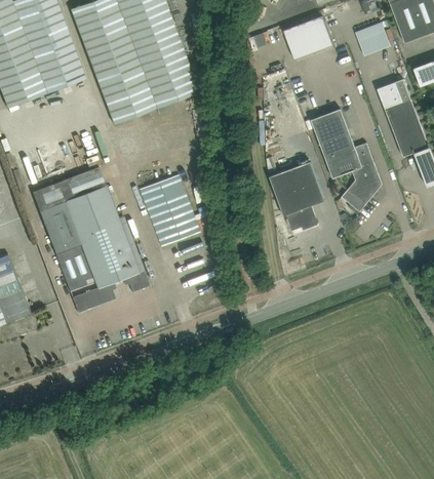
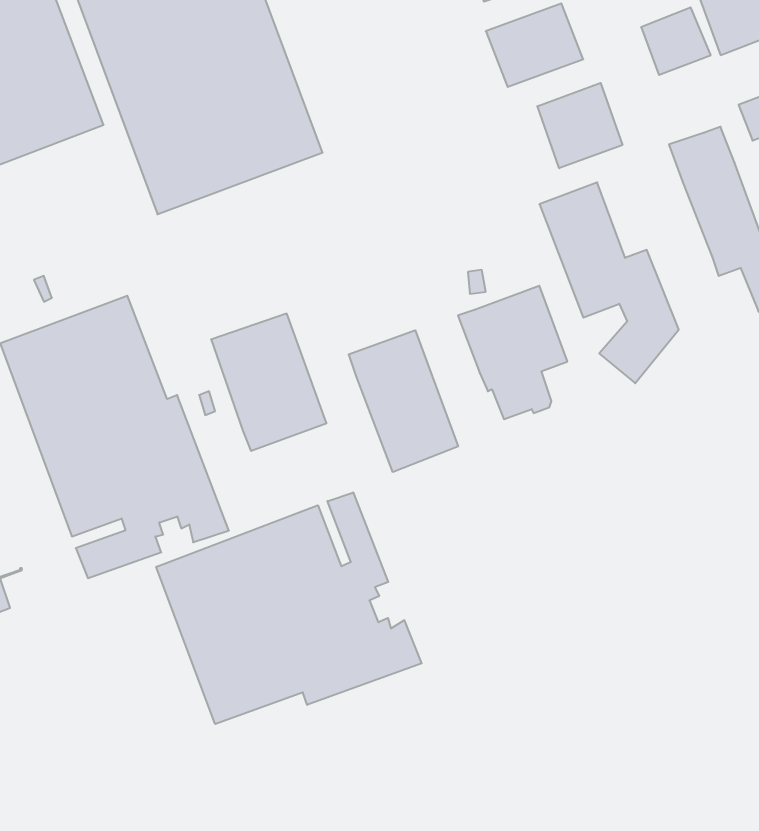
building: none -> [537,83,622,168]
building: none -> [349,330,458,472]
building: none -> [156,492,422,724]

